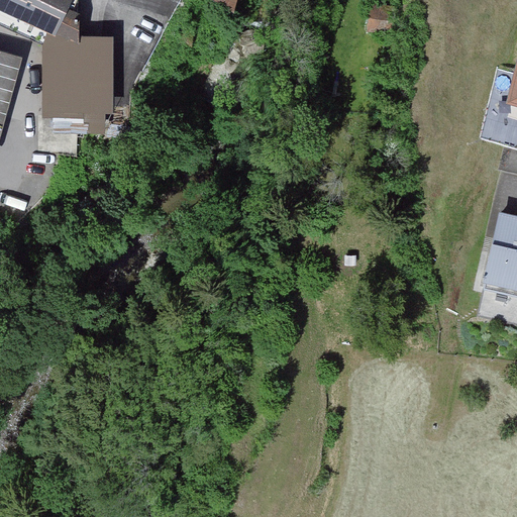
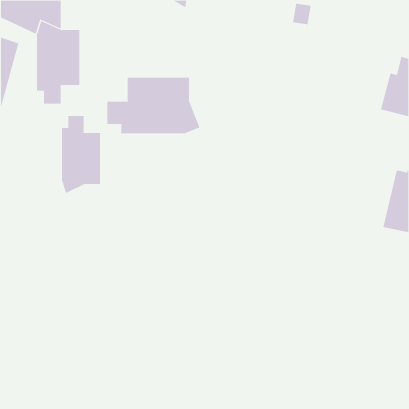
building: none -> [107,77,200,134]
building: none -> [61,115,100,194]

